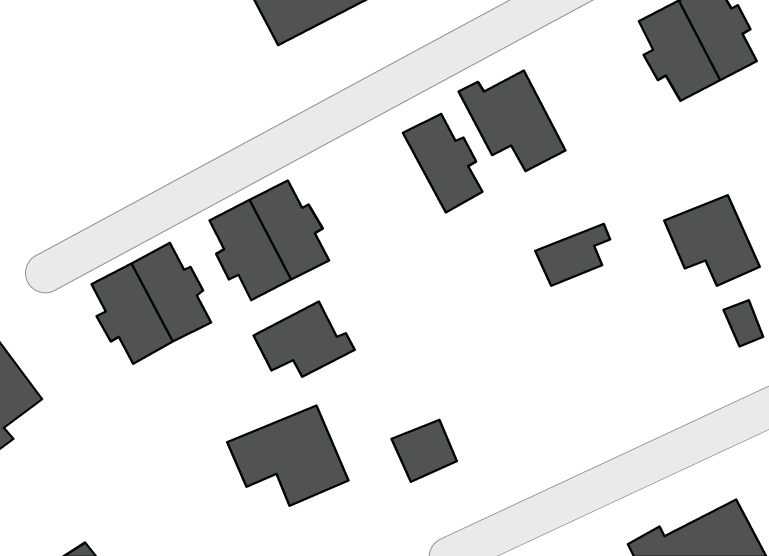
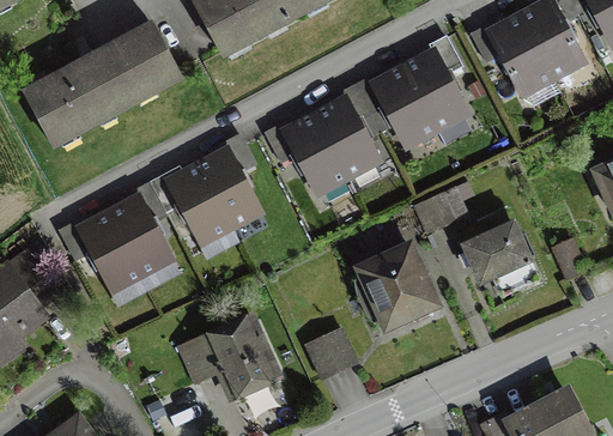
building: none -> [26,24,178,140]
building: none -> [406,36,466,127]
building: none -> [285,114,347,189]
building: [664,195,760,286] -> [466,223,538,291]
building: [253,302,355,377] -> none
building: none -> [360,246,435,323]

